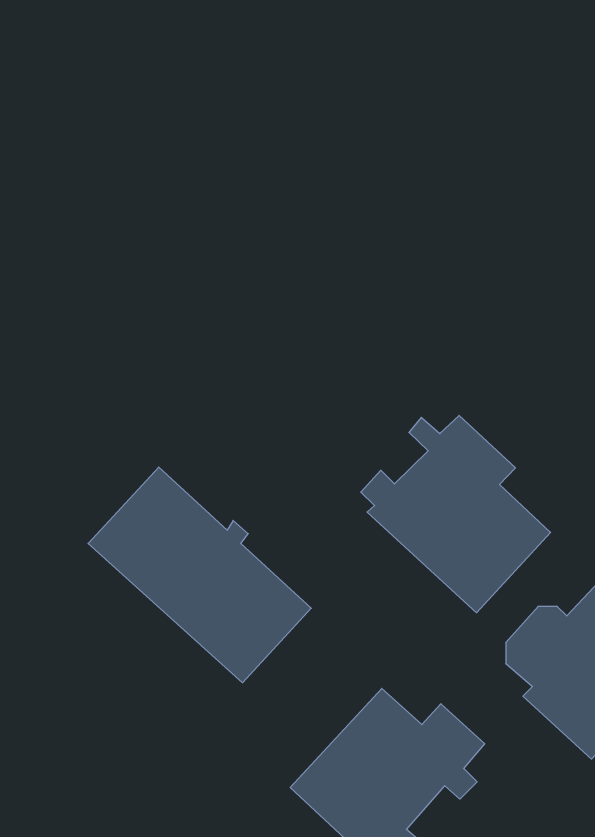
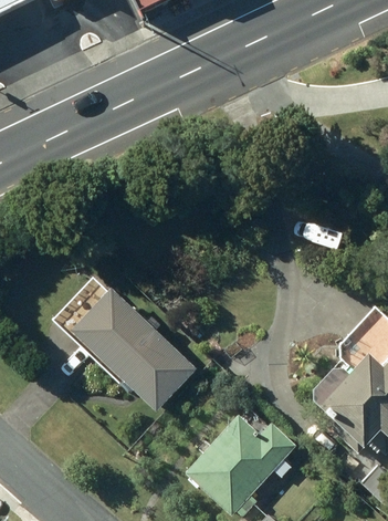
building: [361,415,551,613] -> none

